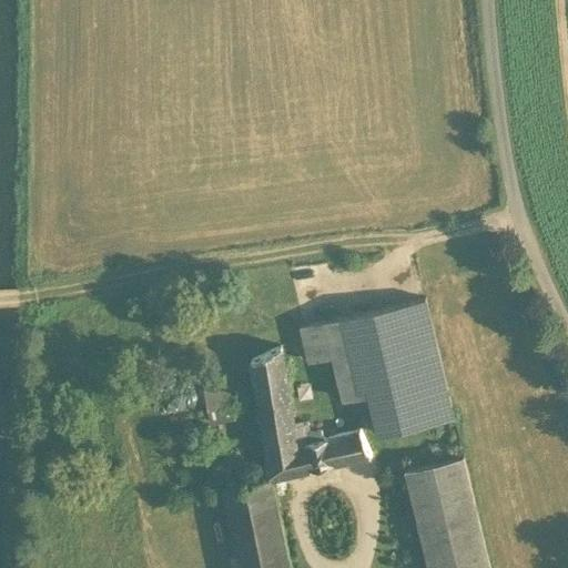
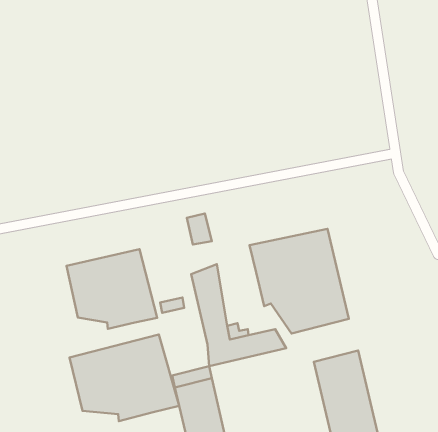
building: [300,325,332,365] -> [187,214,212,244]
building: none -> [67,249,157,329]
building: none -> [70,335,179,421]

